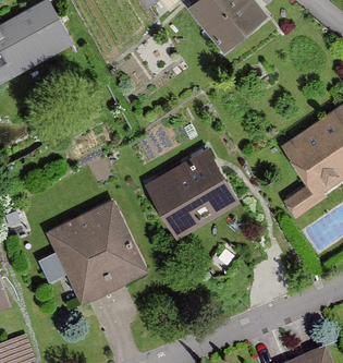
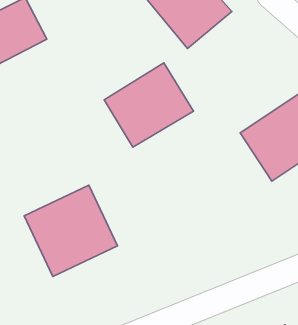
building: [145,148,240,238] -> [104,63,194,147]

